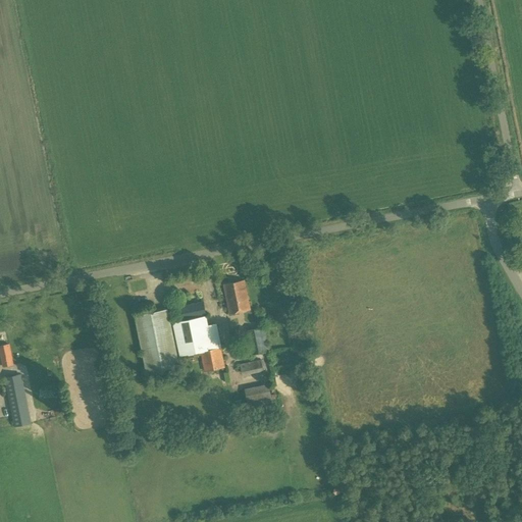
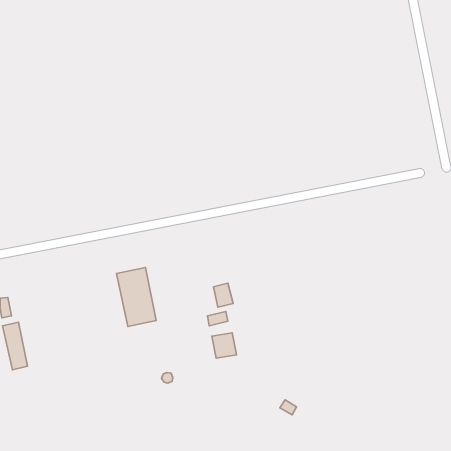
building: [224,280,250,313] -> none
building: [173,302,224,372] -> none

